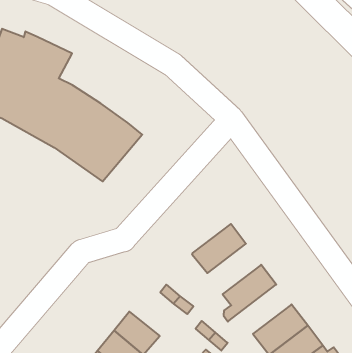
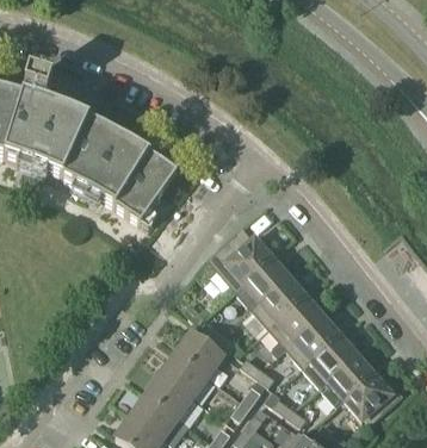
building: none -> [208,232,273,288]
building: none -> [253,275,307,328]
building: none -> [286,315,340,366]
building: none -> [177,330,224,374]

